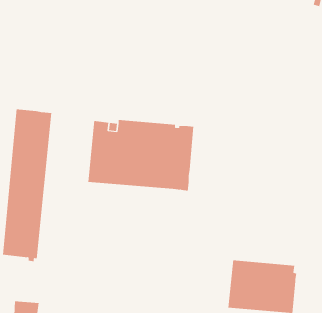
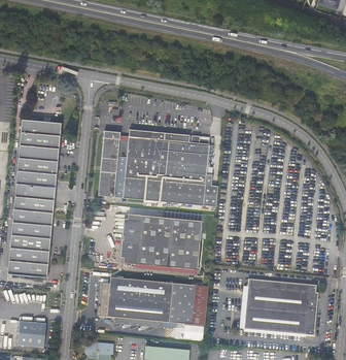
building: none -> [124,215,202,269]
building: none -> [99,277,208,326]

